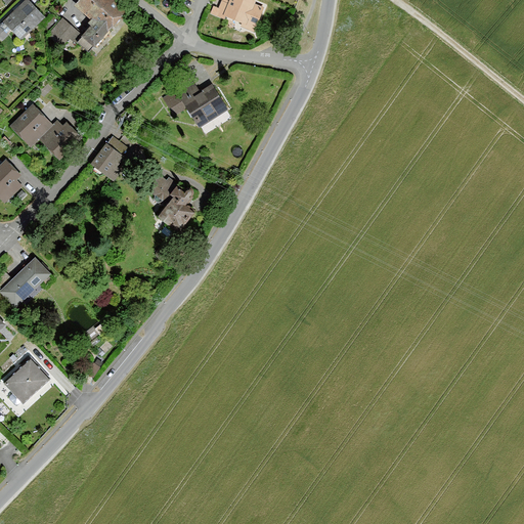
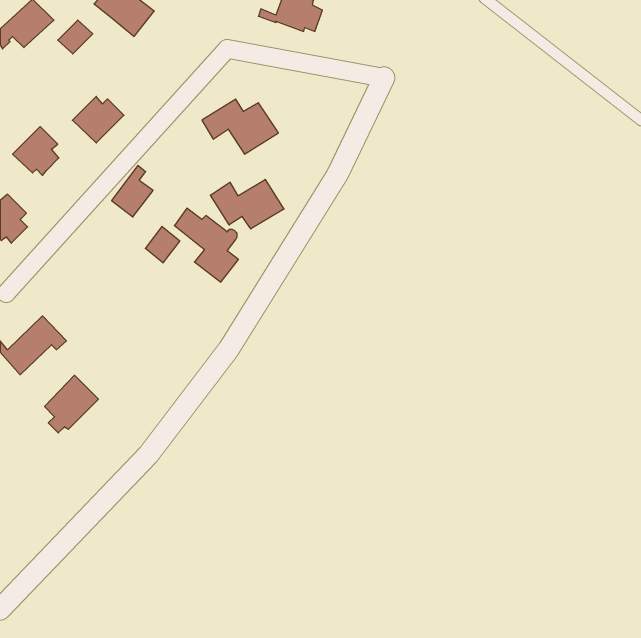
building: [83,15,110,46] -> none
building: [38,120,80,158] -> [72,96,124,143]
building: none -> [210,179,284,229]
building: none -> [145,226,180,263]
building: [5,358,49,405] -> [45,375,98,433]

